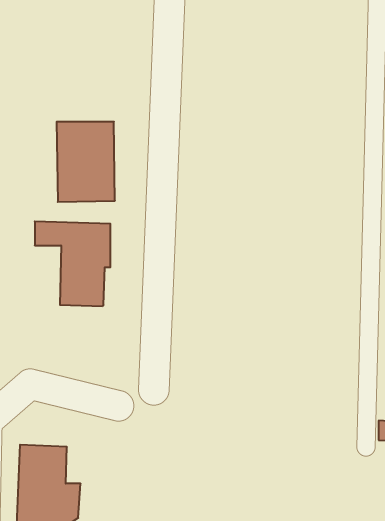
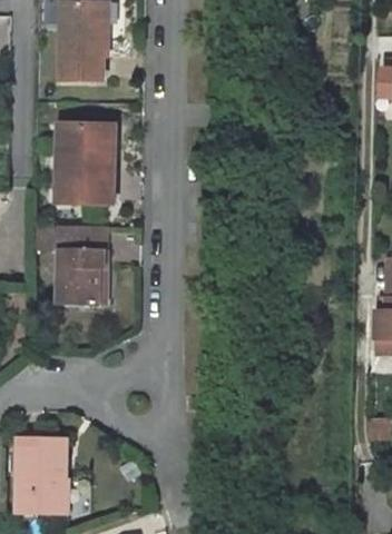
building: none -> [59,10,109,92]

